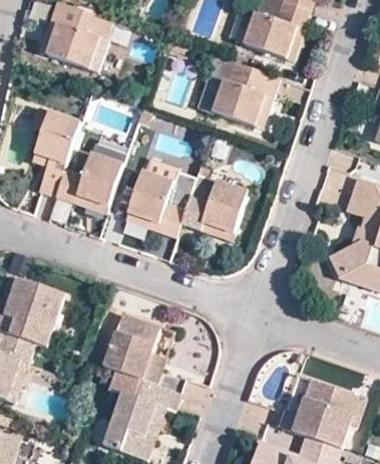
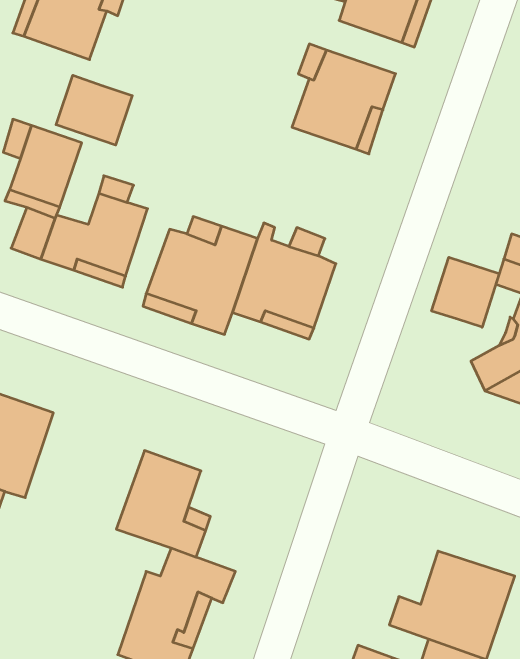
building: none -> [56,75,132,145]
building: none -> [432,257,499,327]

